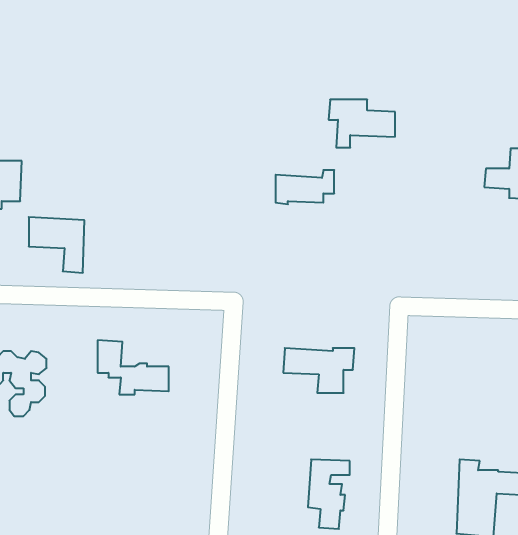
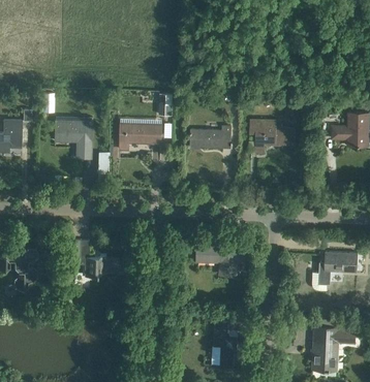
building: [329,100,395,148] -> [250,121,295,153]
building: none -> [120,124,162,151]
building: [29,217,84,273] -> [55,122,92,159]
building: none -> [312,253,346,291]

